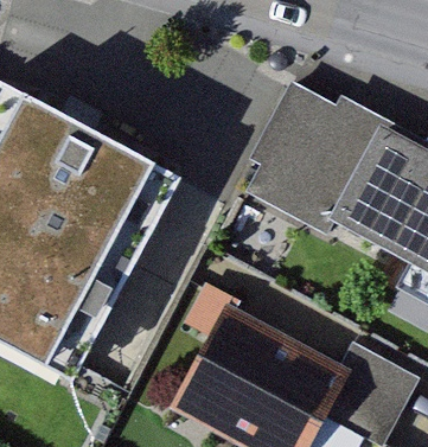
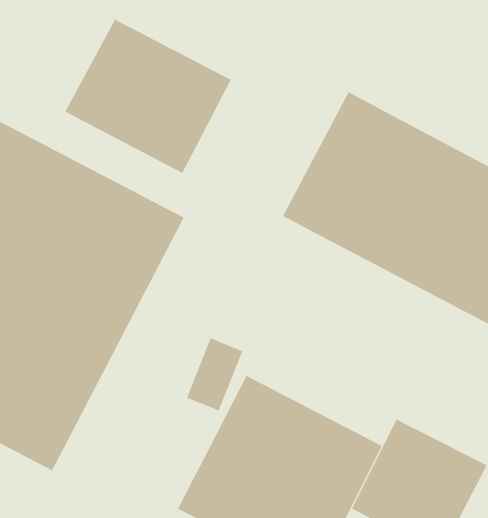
building: none -> [65,19,231,174]

